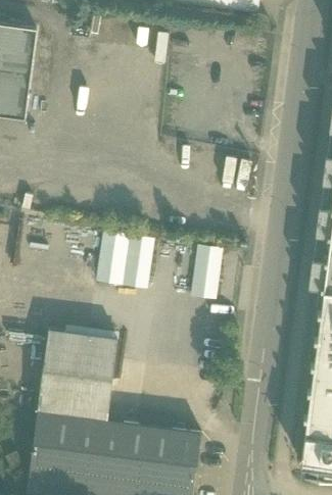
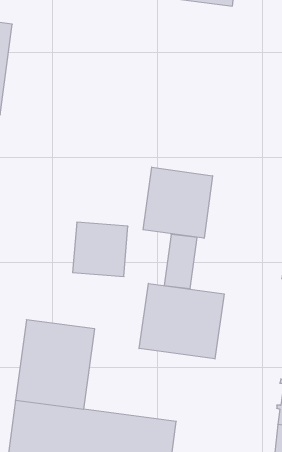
building: none -> [143,167,213,238]
building: none -> [139,283,224,359]

